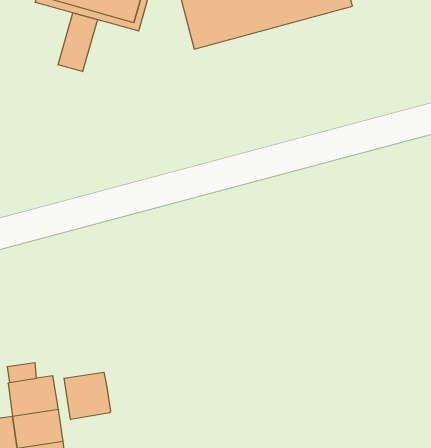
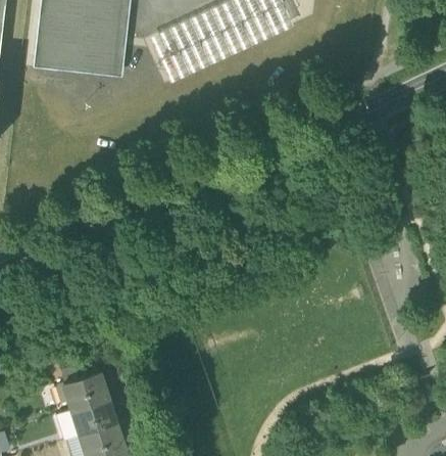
building: [58,13,97,72] -> none
building: [64,372,110,420] -> none

